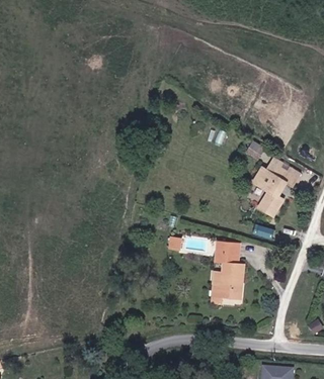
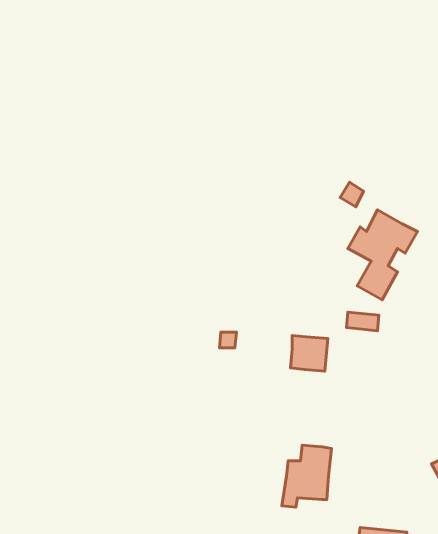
building: [212,262,244,302] -> [282,445,332,507]

